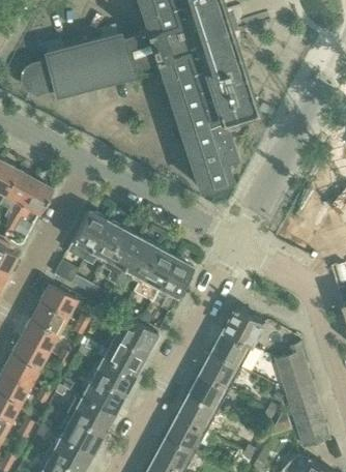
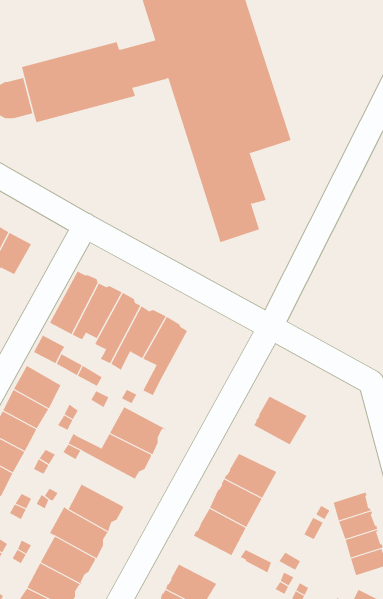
building: [151,259,192,313] -> none
building: [212,332,253,368] -> none
building: [276,345,312,392] -> none
building: [90,358,135,395] -> none
building: [166,418,207,455] -> none

